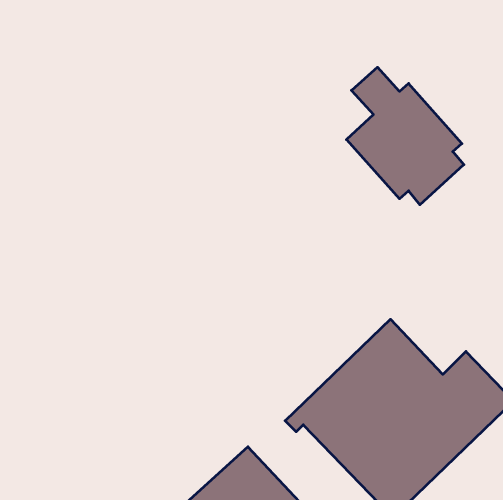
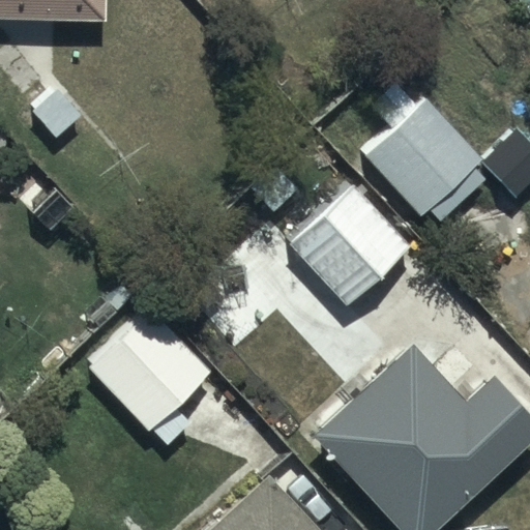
building: none -> [291,187,413,308]
building: none -> [90,311,218,434]

